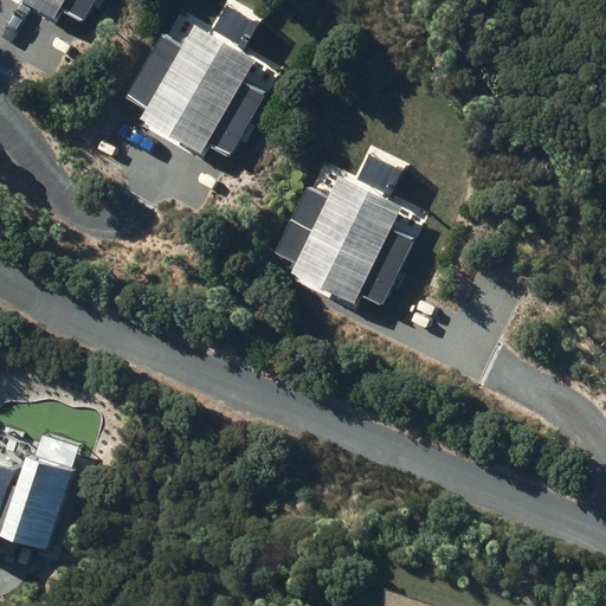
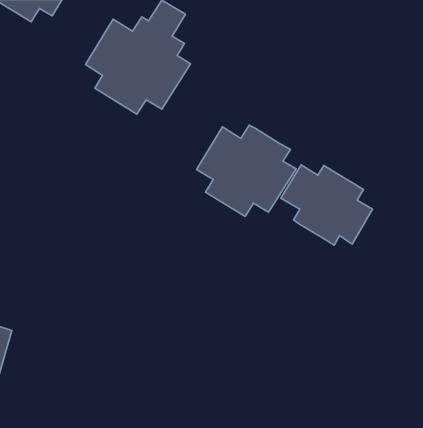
building: none -> [281,165,372,245]
building: [7,456,73,549] -> none

